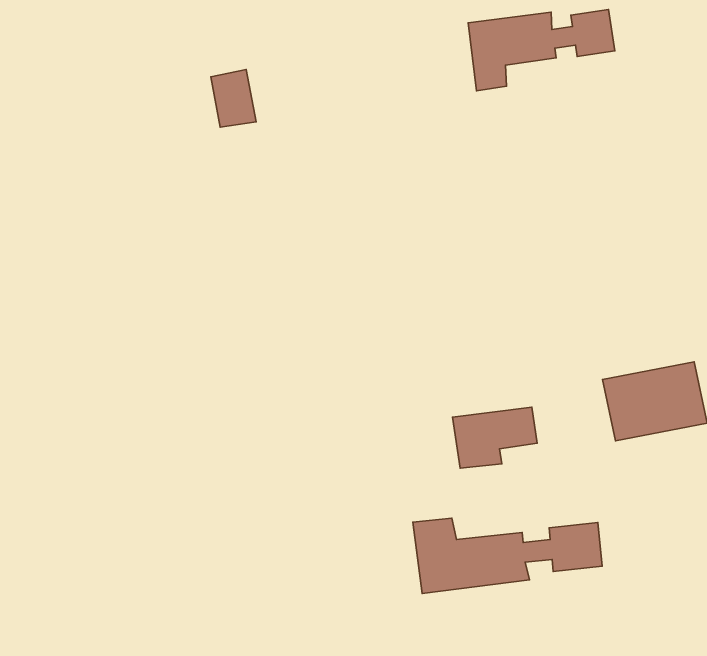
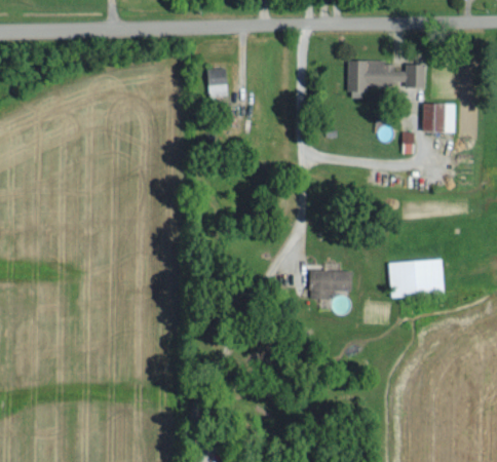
building: none -> [422,103,456,132]
building: [413,518,602,593] -> none

